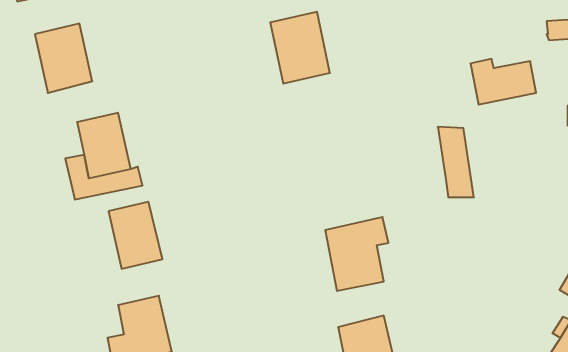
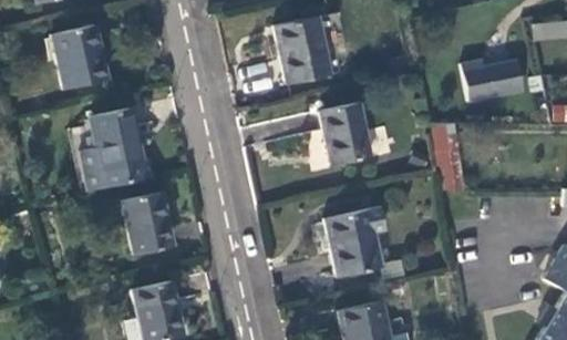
building: none -> [321,103,372,165]

